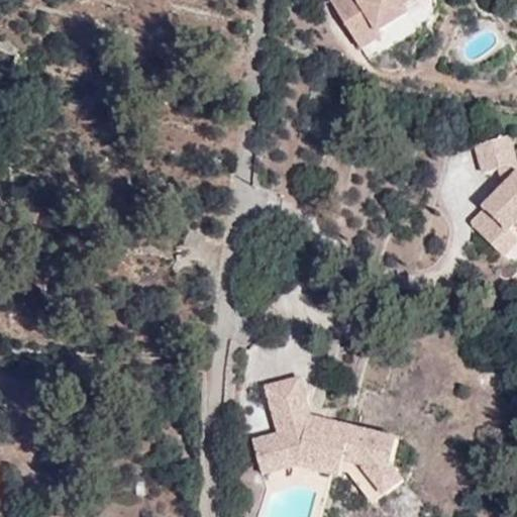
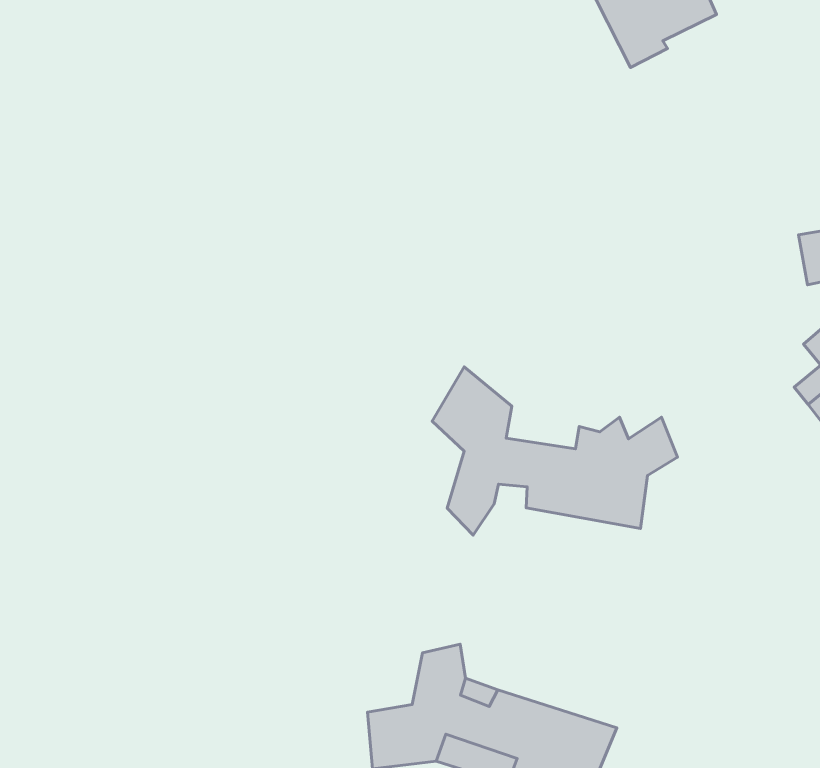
building: none -> [432,367,678,535]
building: [264,377,301,432] -> none

